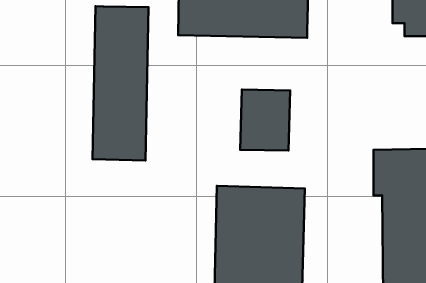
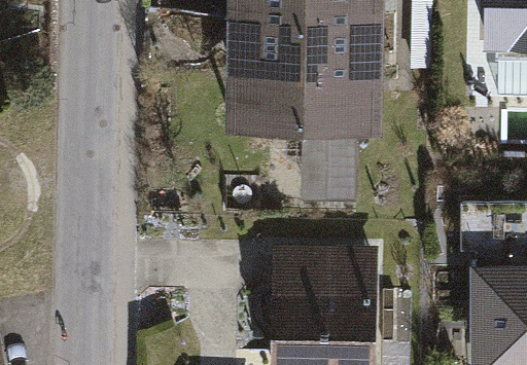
building: [92,6,149,160] -> none
building: none -> [225,65,381,131]

